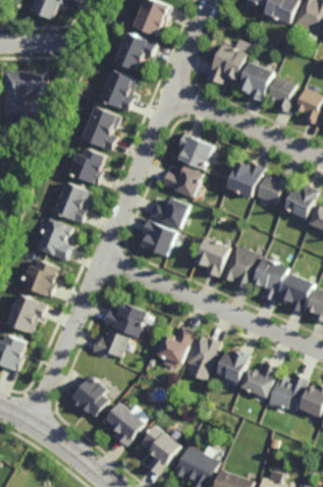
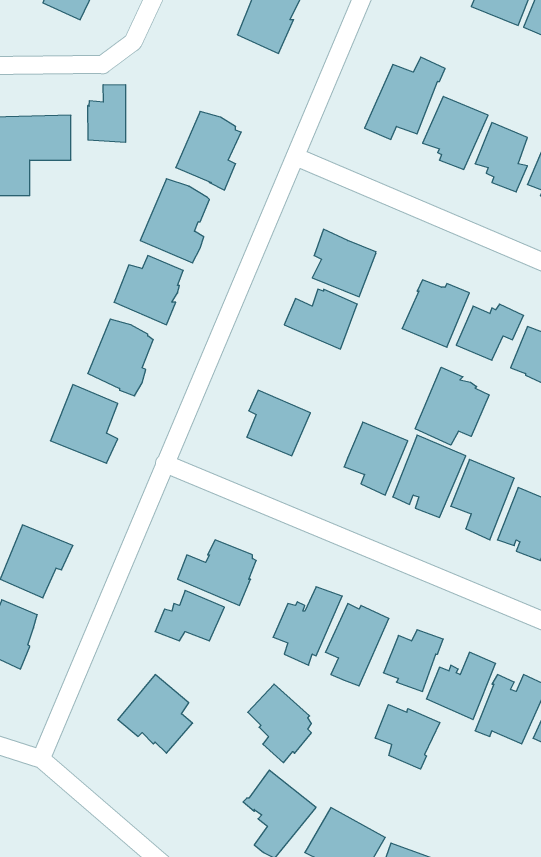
building: [116,29,155,69] -> none
building: none -> [88,85,126,142]
building: [148,197,187,229] -> none
building: none -> [415,367,489,445]
building: [19,259,58,297] -> none
building: none -> [375,705,440,769]
building: [108,403,143,446] -> [248,684,311,763]

